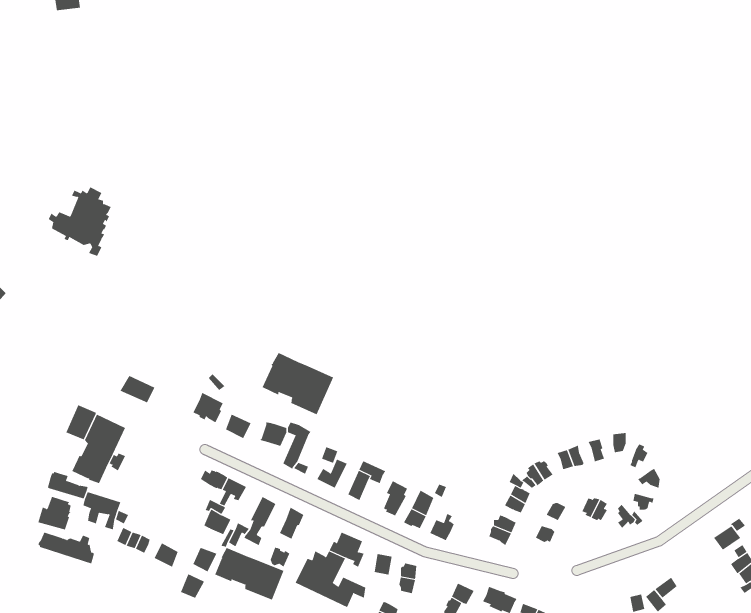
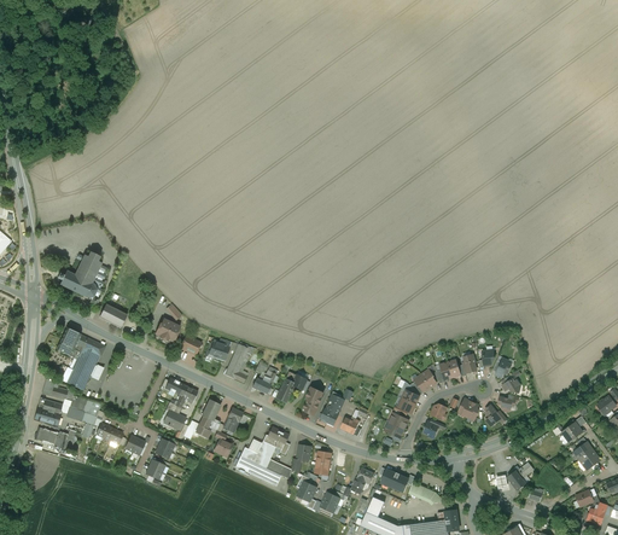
building: [48,187,112,256] -> [57,252,106,307]
building: [262,352,334,415] -> none
building: [214,547,284,601] -> none

